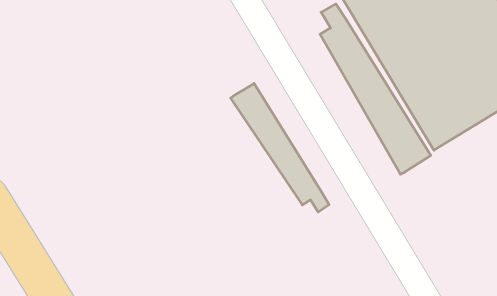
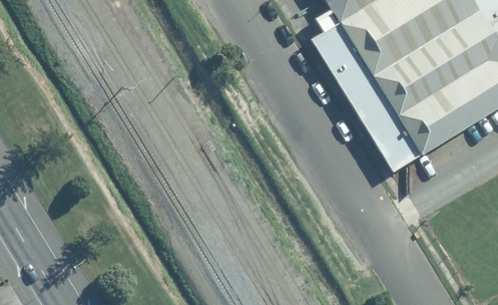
building: [231,83,329,212] -> none

